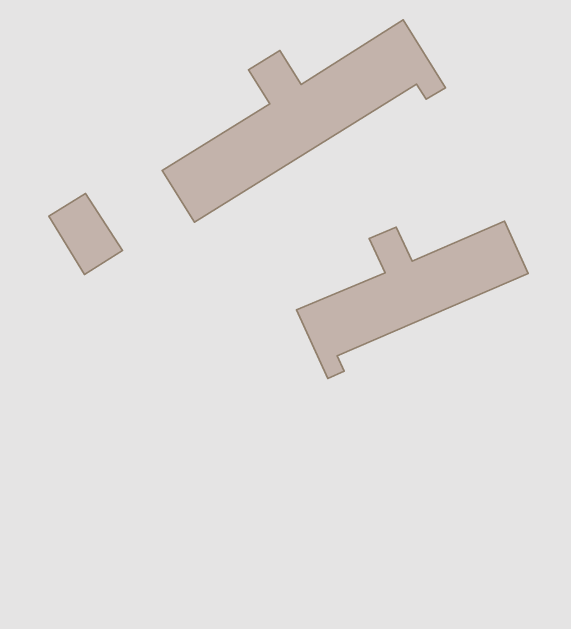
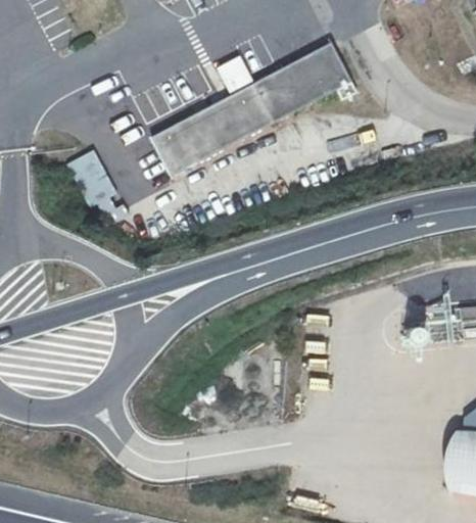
building: [296,221,528,378] -> none

